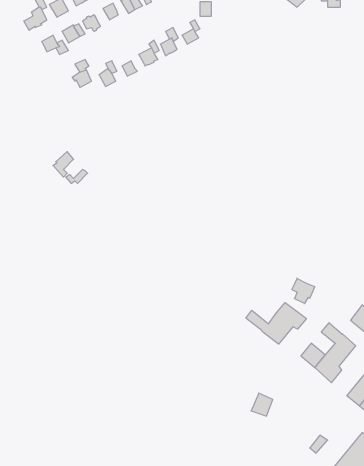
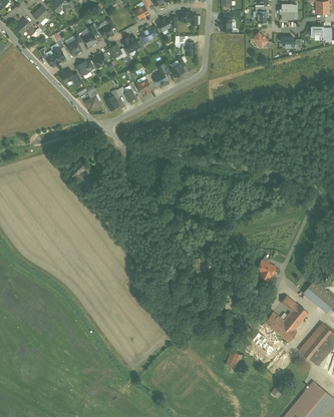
building: [246,303,306,344] -> none

